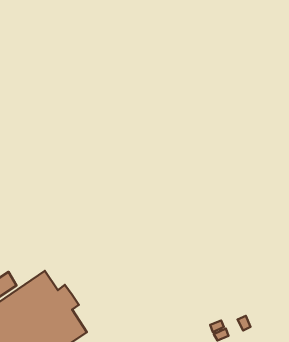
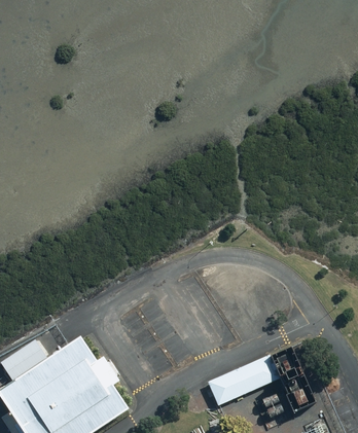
building: none -> [209,358,278,406]

